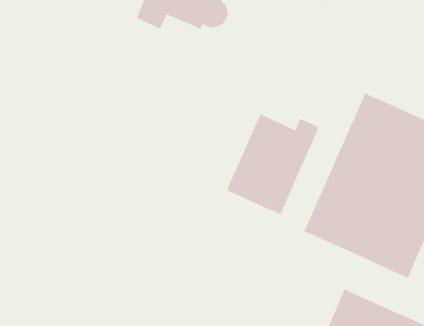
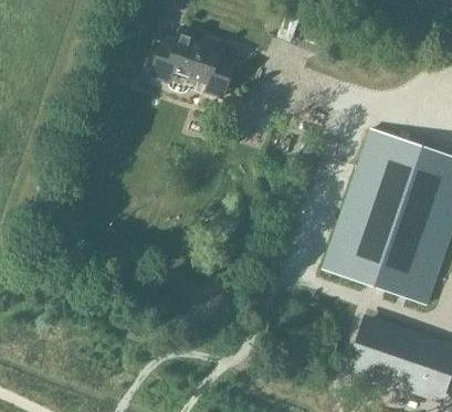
building: [226,114,320,215] -> none

